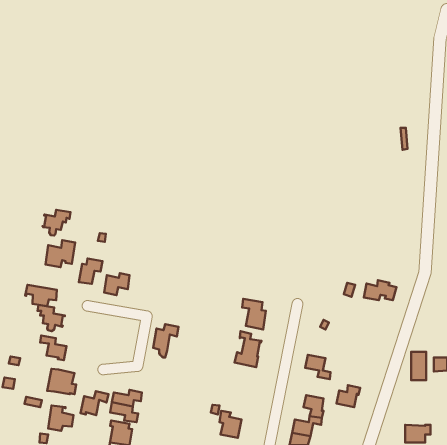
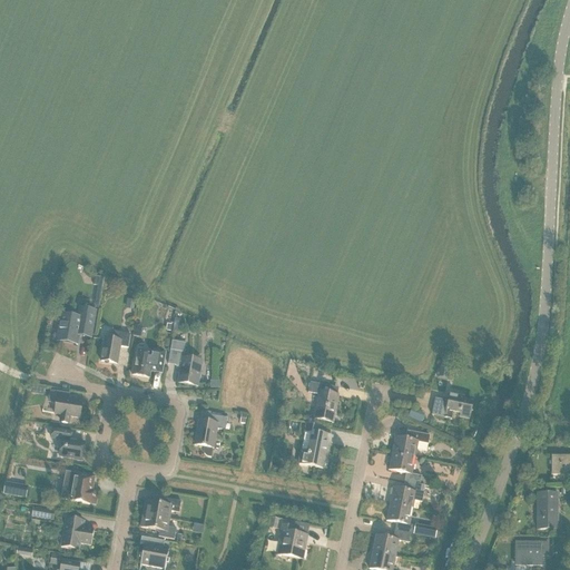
building: [43,210,71,235] -> none
building: none -> [168,340,200,382]
building: [364,280,396,300] -> [432,391,473,416]
building: [25,285,57,306] -> none
building: none -> [392,429,430,455]
building: [411,352,426,380] -> [538,491,557,527]
building: [337,385,360,407] -> [390,479,420,507]
building: [81,391,109,415] -> none

